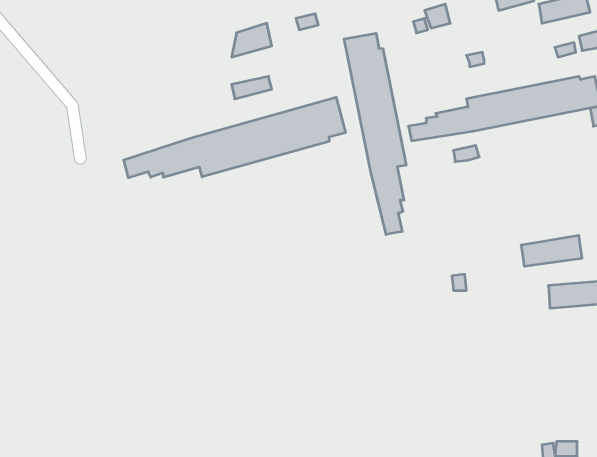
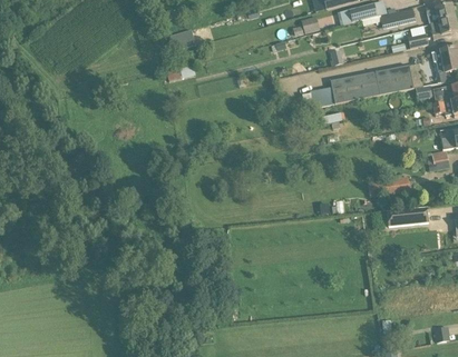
building: [344,33,406,235] -> none
building: [124,97,345,178] -> none

